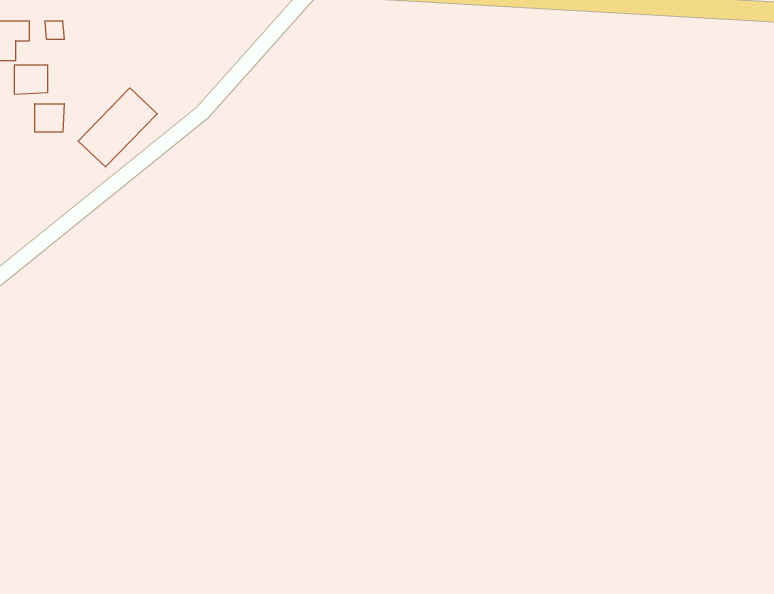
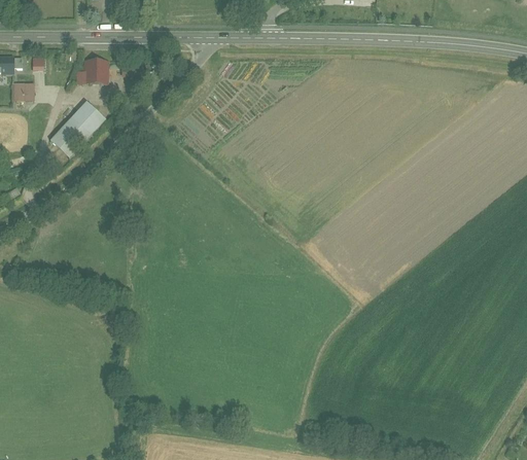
building: none -> [74,58,108,84]
building: [35,104,64,132] -> none

